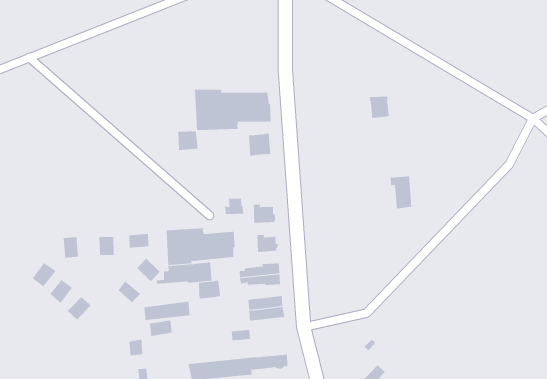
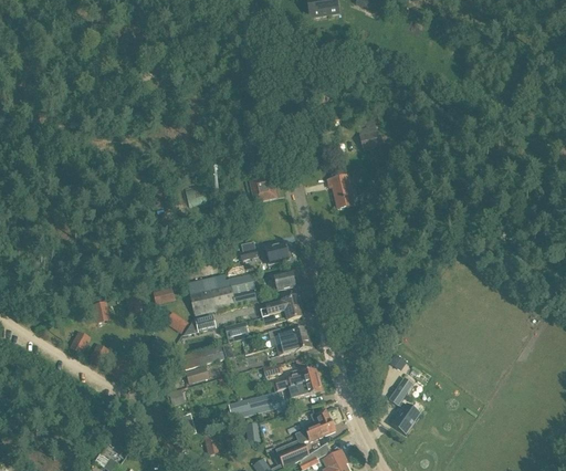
building: [195,89,271,131] -> none
building: [389,176,412,209] -> [327,174,353,207]
building: none -> [273,367,319,390]

